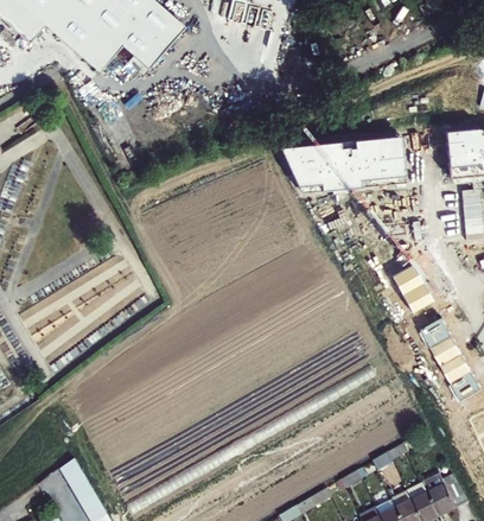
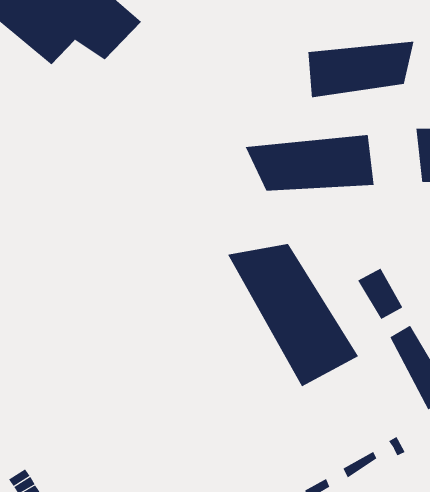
building: none -> [308,41,414,98]
building: none -> [227,243,359,387]

